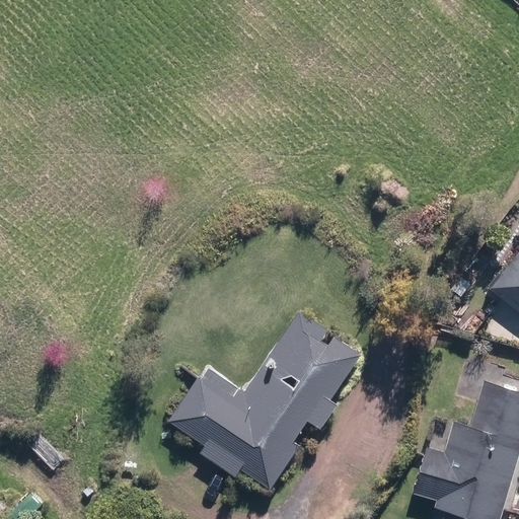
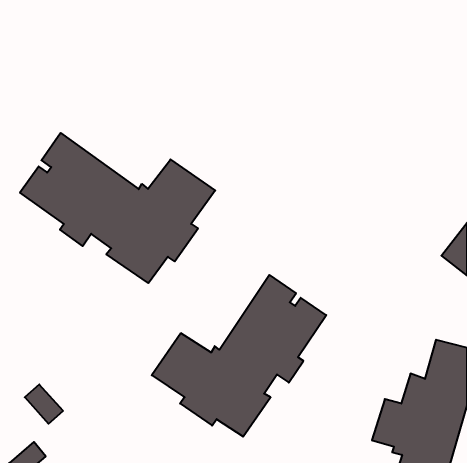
building: none -> [20,133,215,283]

